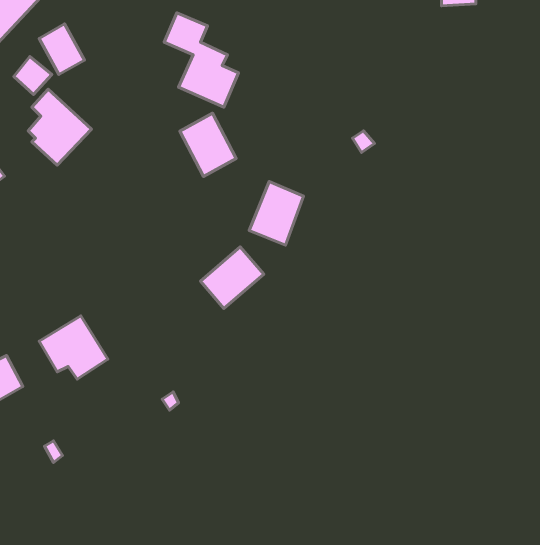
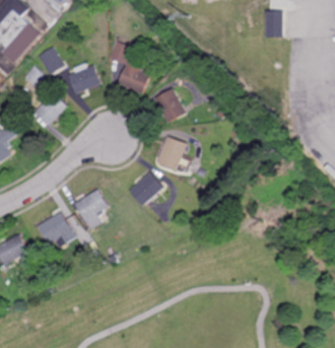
building: none -> [67,63,100,95]
building: [180,113,236,177] -> [153,88,185,124]
building: none -> [74,189,108,229]

